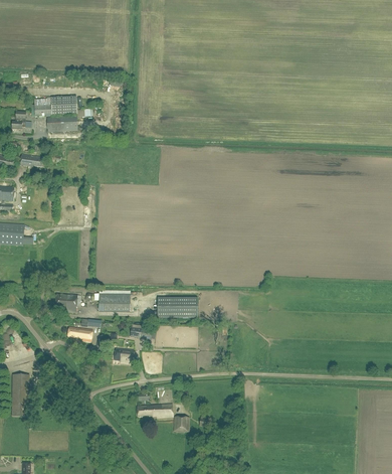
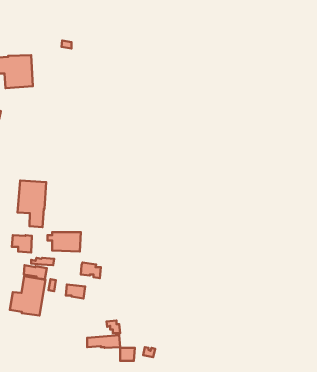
building: none -> [18,180,46,227]
building: [157,295,197,318] -> none
building: none -> [10,276,45,315]

